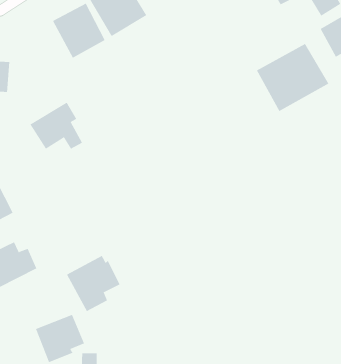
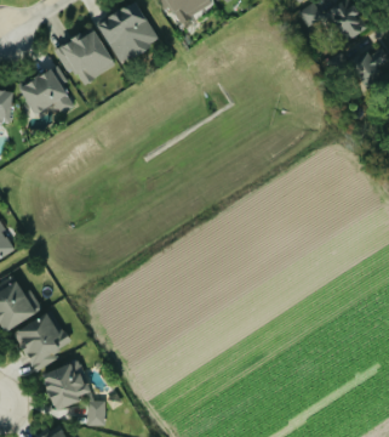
building: [256,43,329,112] -> none
building: [30,102,83,149] -> [17,63,74,114]
building: [66,255,120,312] -> [12,311,70,371]

